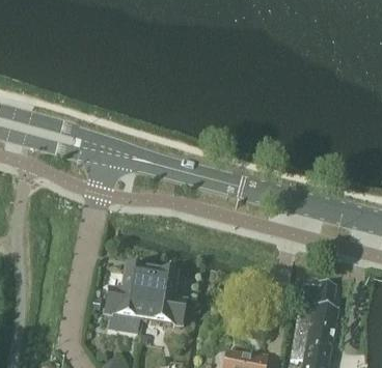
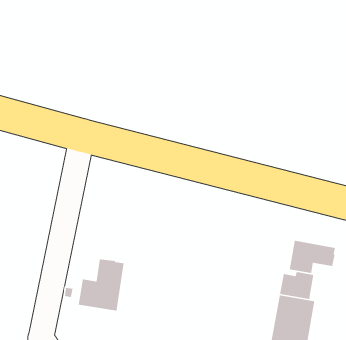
building: none -> [289,240,336,274]
building: [142,273,184,327] -> none

